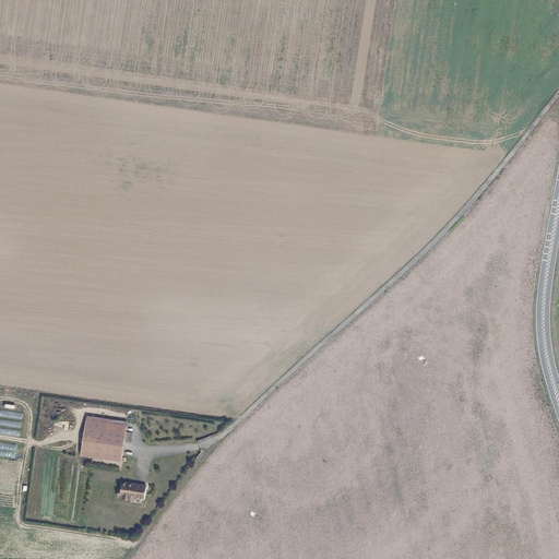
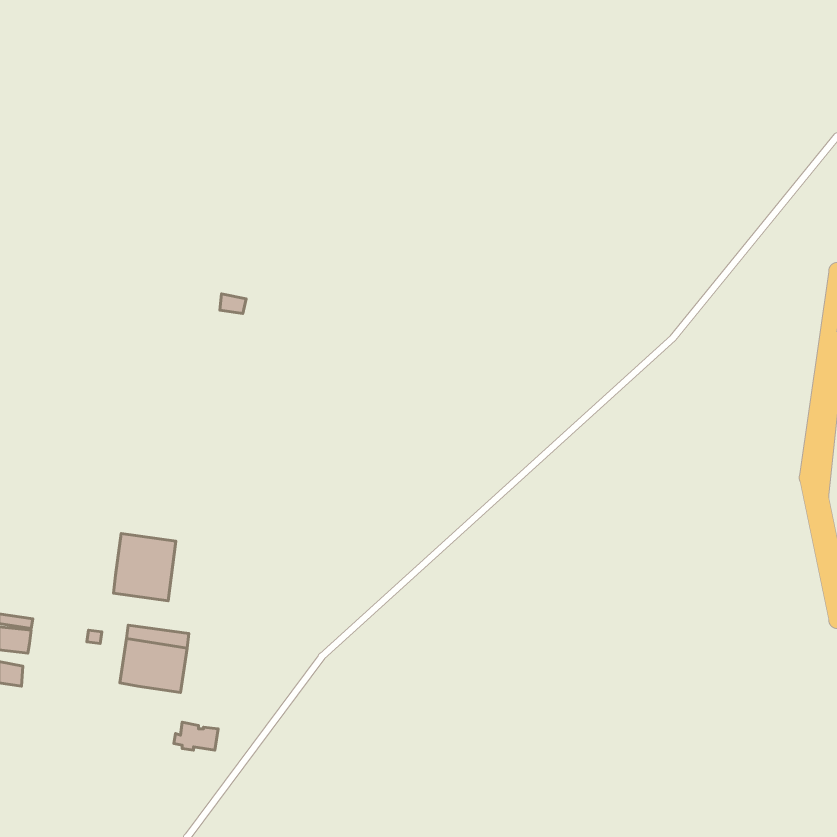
building: none -> [114,533,176,601]

